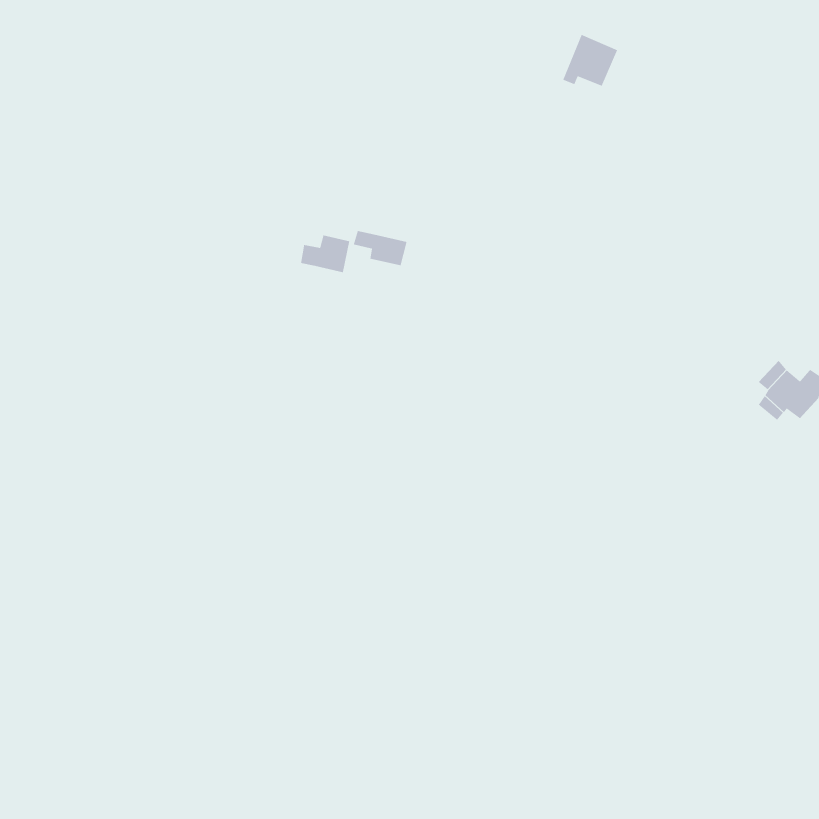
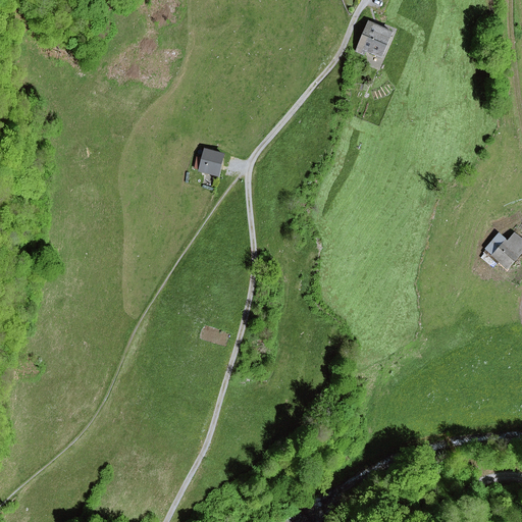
building: [353,230,408,266] -> none

